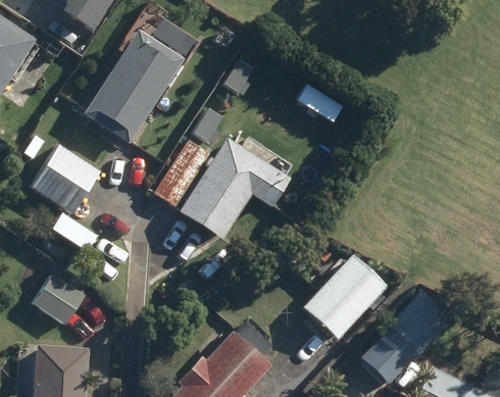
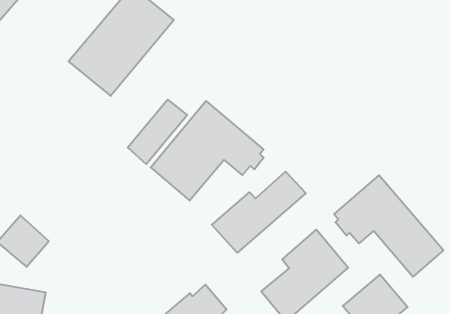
building: [31,144,100,214] -> none
building: none -> [334,175,443,277]
building: none -> [212,172,306,253]

